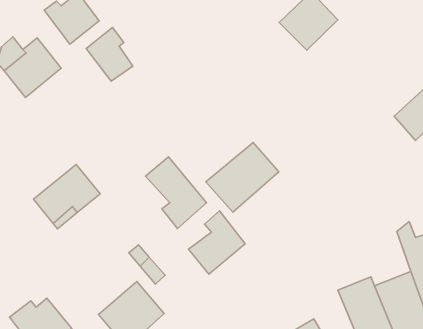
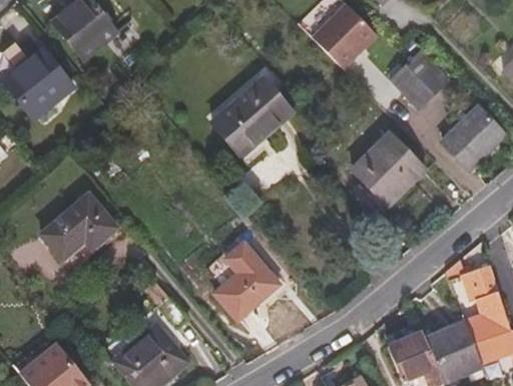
building: [86,28,133,81] -> none
building: none -> [392,53,448,109]
building: none -> [355,132,427,206]
building: [206,143,279,212] -> [213,76,296,154]
building: [146,157,206,229] -> none

